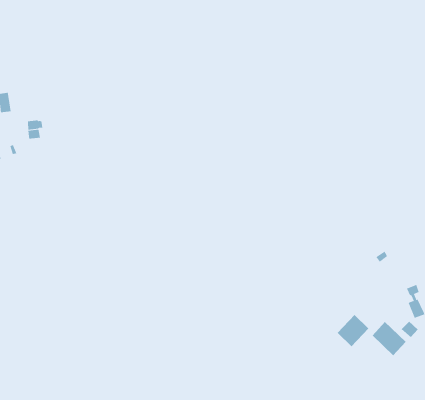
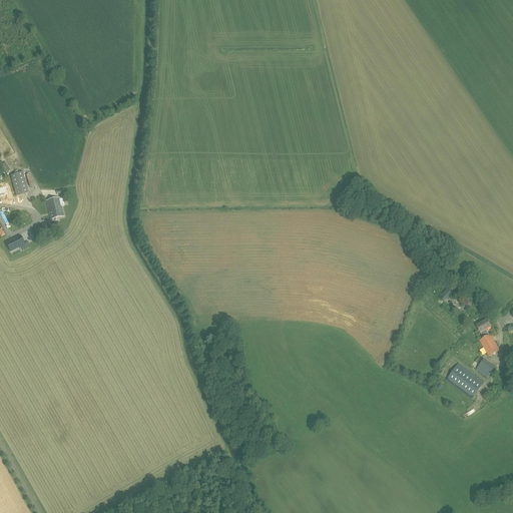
building: [337,314,369,347] -> none

